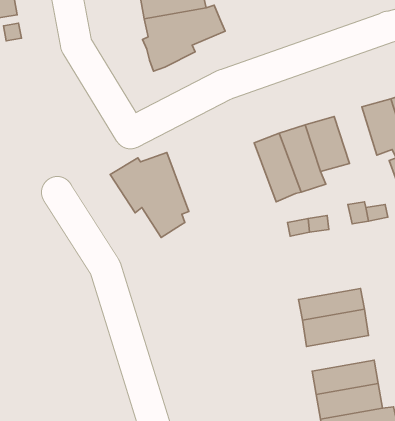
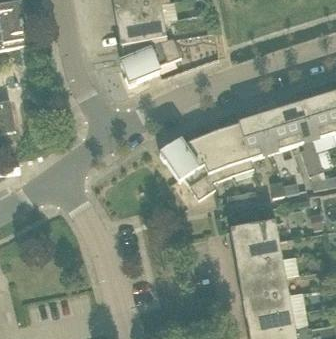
building: none -> [260,110,291,151]
building: [110,152,189,238] -> [161,136,218,198]
building: none -> [230,220,279,250]
building: none -> [240,276,289,302]

